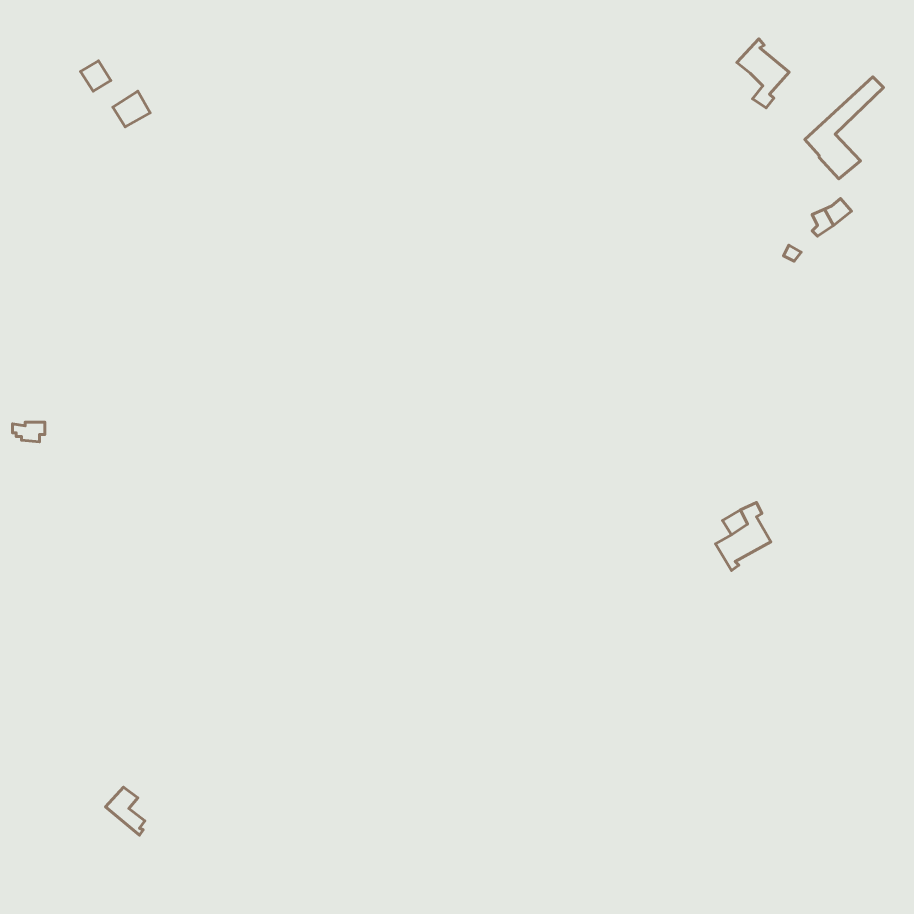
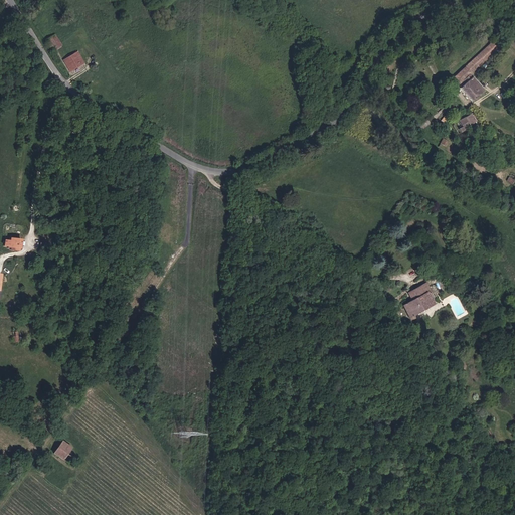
building: [737,39,789,108] -> none

